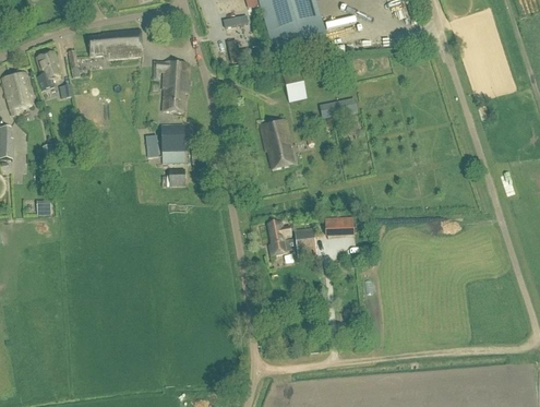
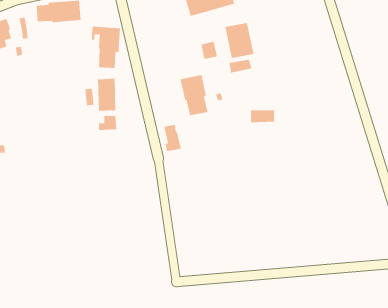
building: none -> [225,22,254,59]
building: [325,217,355,234] -> [250,110,275,123]
building: [267,220,289,254] -> [164,124,182,152]
building: [295,227,316,258] -> none

